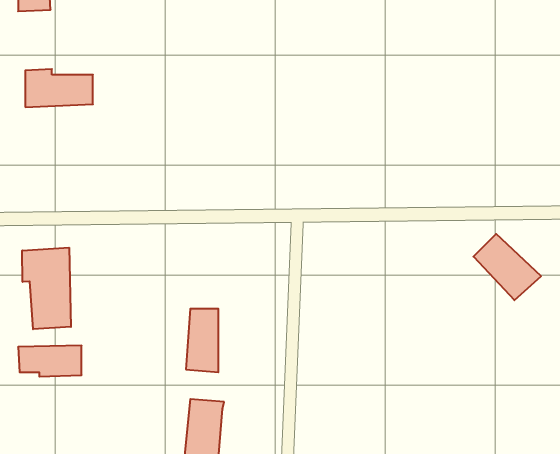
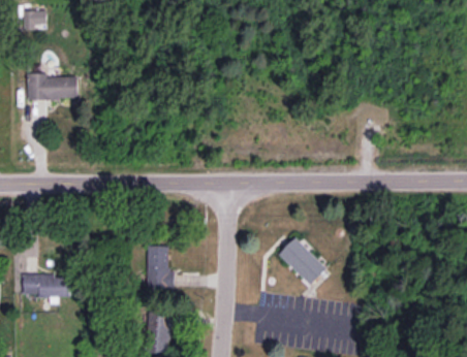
building: [473,234,541,300] -> [280,239,330,288]
building: [22,248,71,329] -> none

